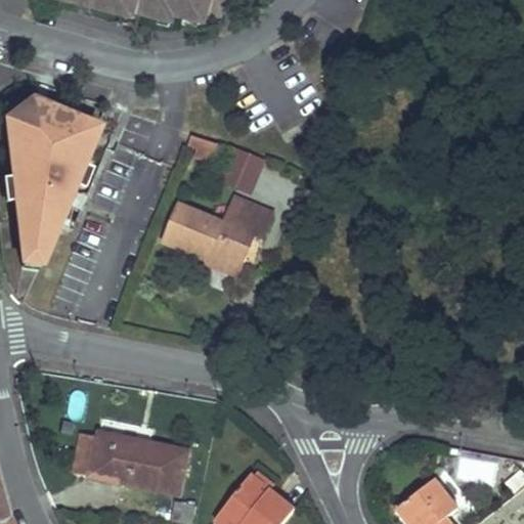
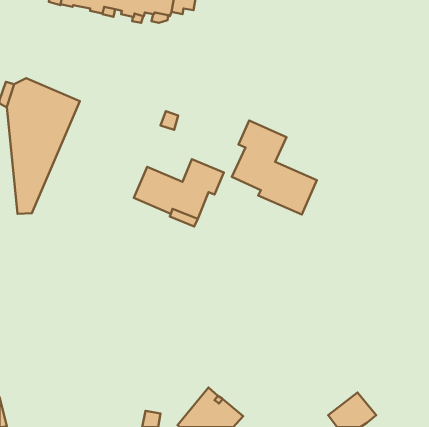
building: [222,146,263,190] -> none
building: none -> [232,121,317,214]
building: [90,432,188,490] -> none

